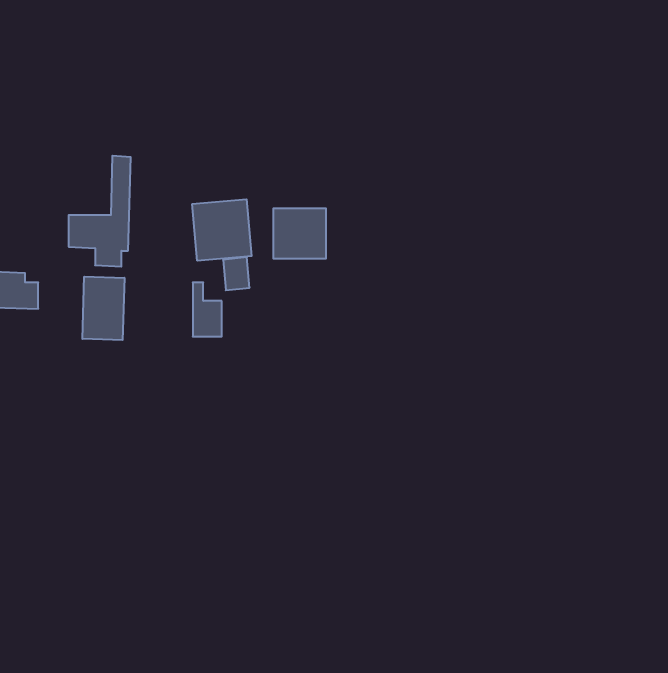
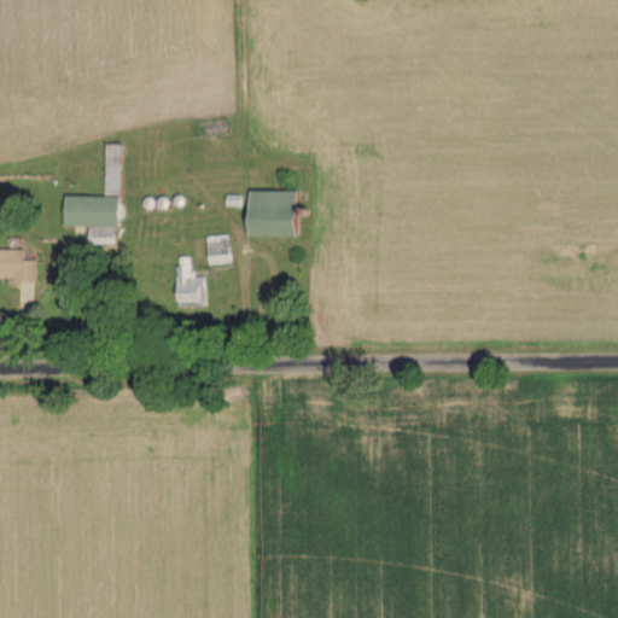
building: [192,199,252,261] -> none
building: [82,277,124,340] -> none

